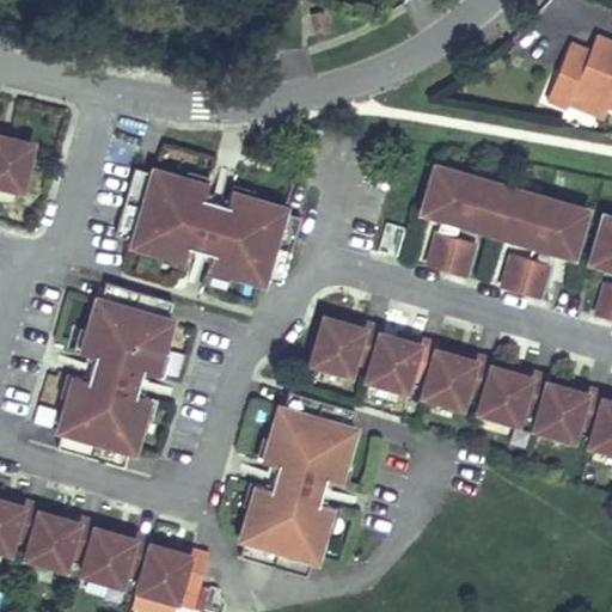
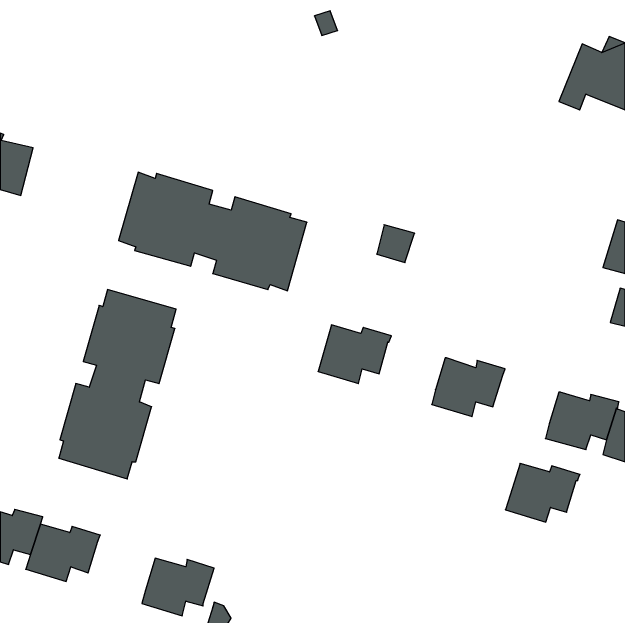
building: [421,167,586,257] -> none
building: [428,233,473,279] -> none
building: [502,256,547,300] -> none
building: [366,336,437,392] -> none
building: [477,368,550,426] -> [505,463,580,522]
building: [240,393,355,579] -> none
building: [81,531,154,587] -> none

